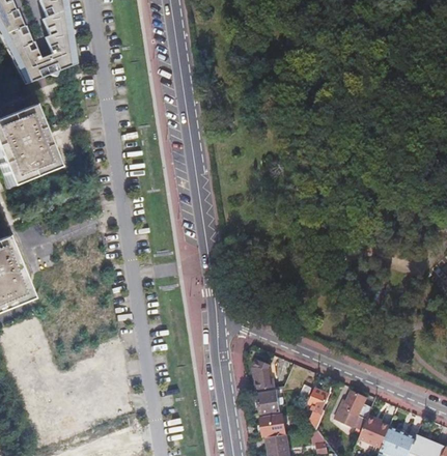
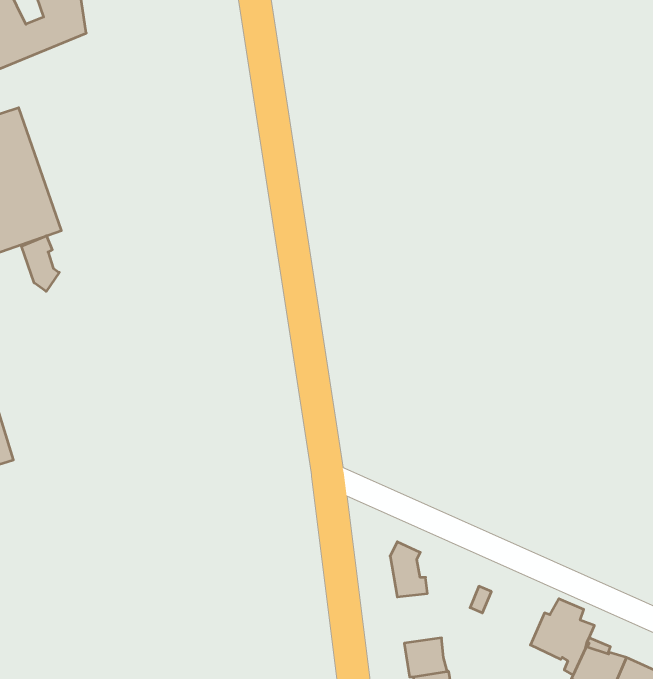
building: none -> [21,236,59,291]
building: [308,387,329,429] -> none
building: [256,391,279,415] -> none

